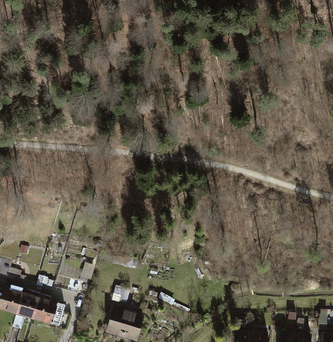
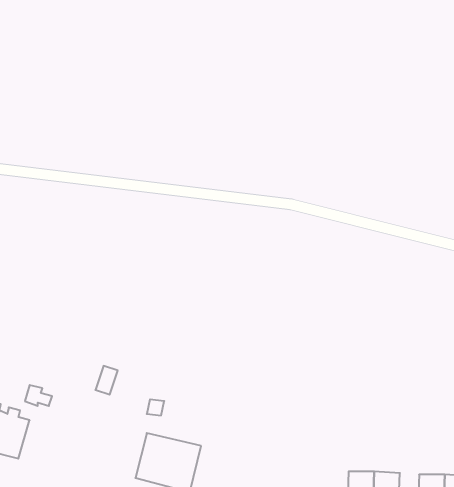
building: [32,293,65,329] -> none

